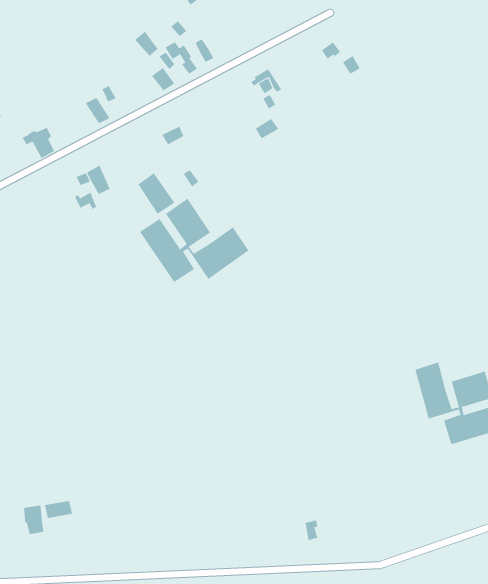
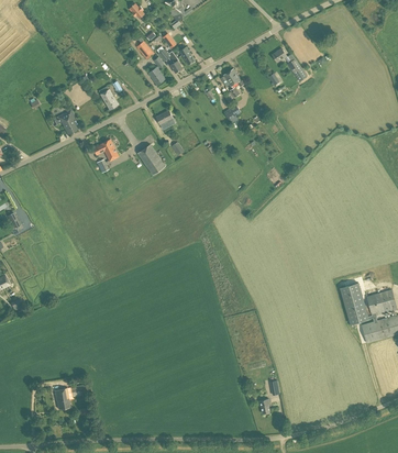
building: [139,198,249,283] -> none

